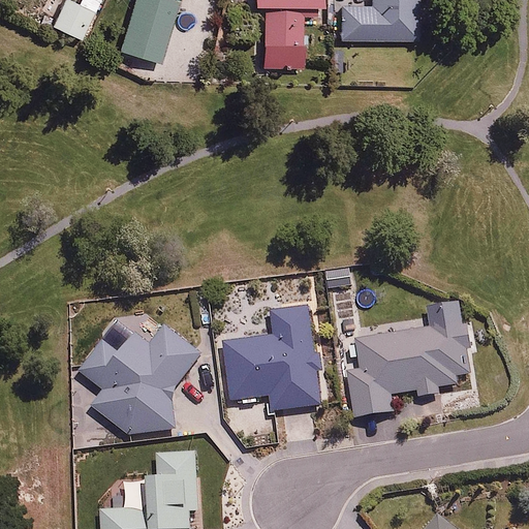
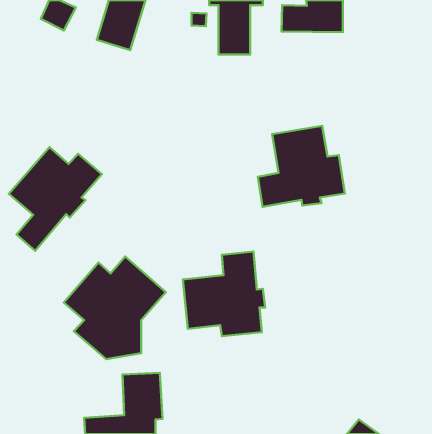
building: none -> [258,126,345,207]
building: none -> [9,147,102,251]
building: [342,312,476,418] -> none

